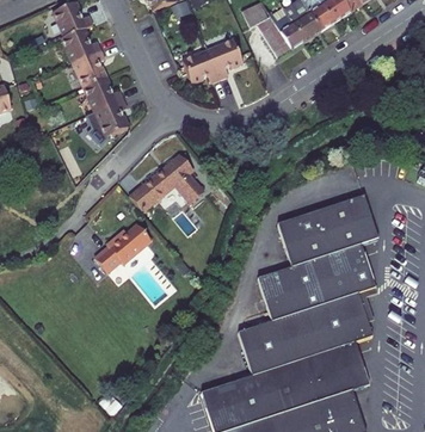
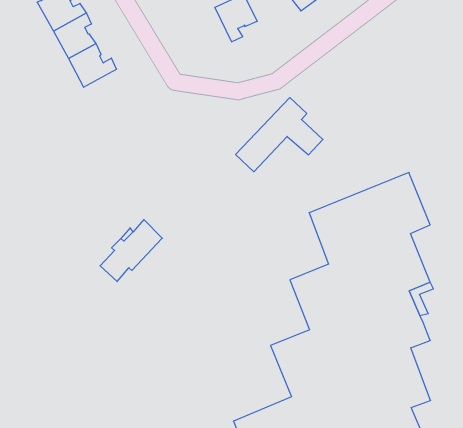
building: [184,48,221,82] -> none
building: [94,93,130,131] -> none
building: [134,149,208,209] -> [236,98,323,172]

